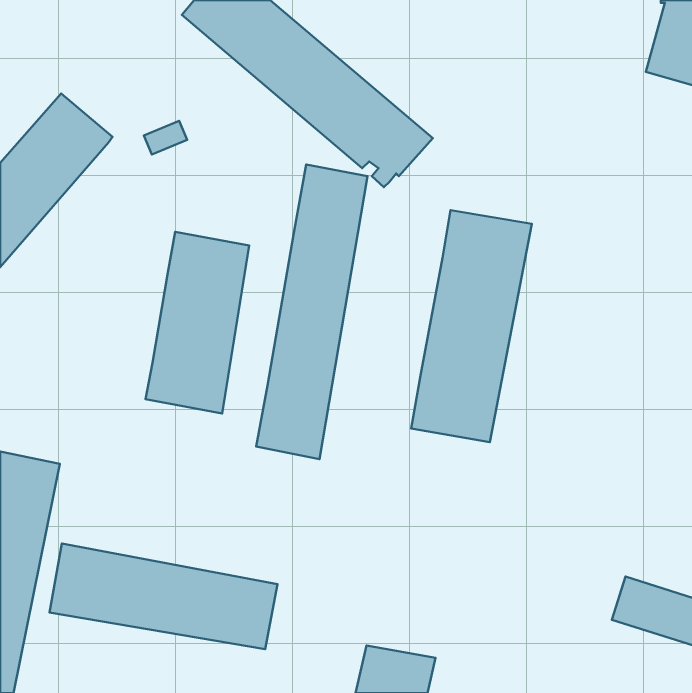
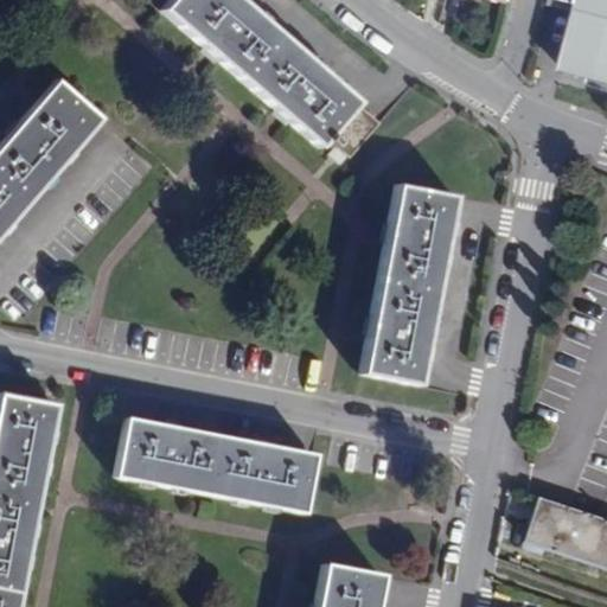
building: [256,165,367,459] -> none
building: [146,232,249,413] -> none
building: [50,543,277,649] -> [109,410,308,503]

